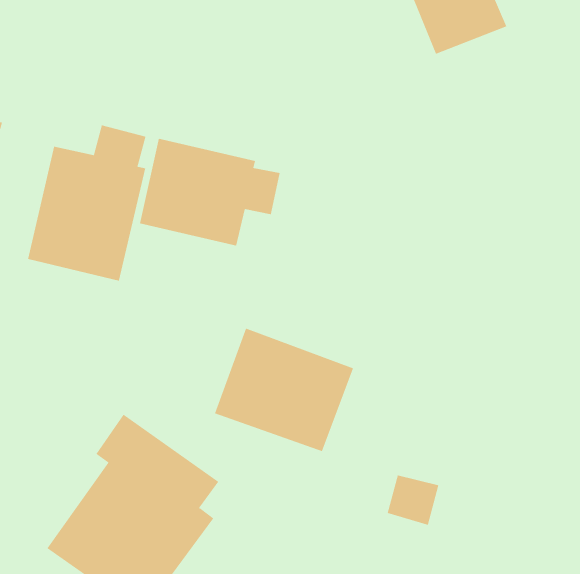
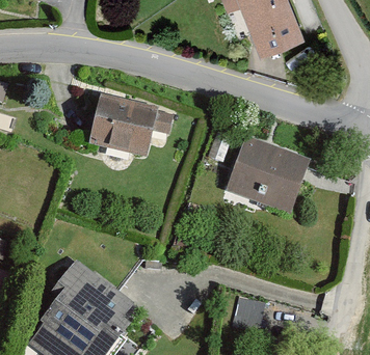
building: [27,125,146,281] -> none
building: [214,328,354,452] -> [224,139,308,213]

